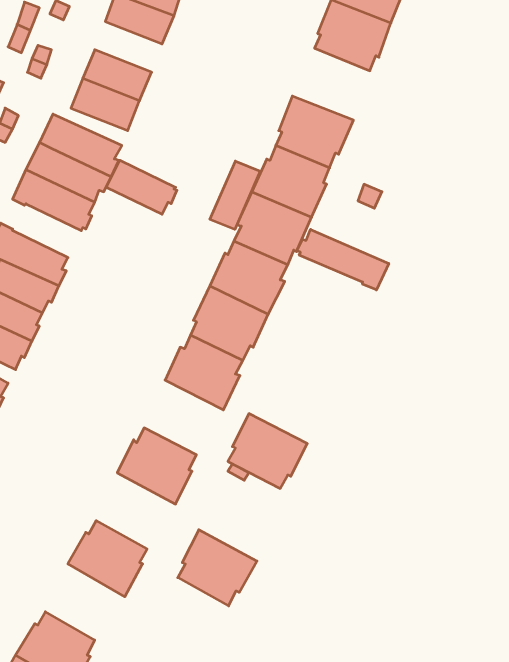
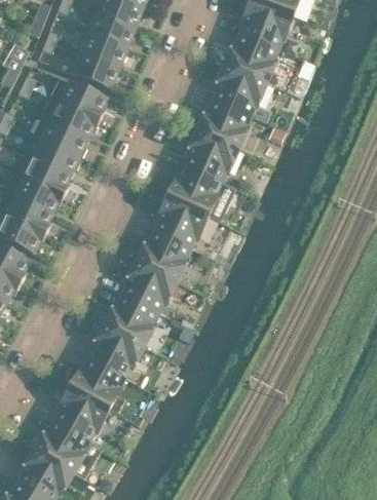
building: none -> [87,15,134,50]
building: none -> [223,34,276,83]
building: [107,160,177,214] -> [31,141,79,178]
building: [210,161,260,229] -> none
building: [297,229,389,290] -> none
building: [228,414,307,488] -> [121,262,176,313]
building: [178,530,257,606] -> [88,325,143,378]
building: none -> [53,388,108,440]

